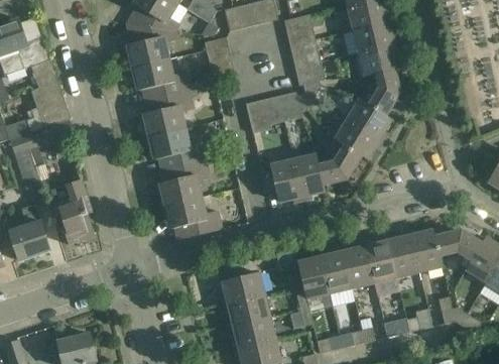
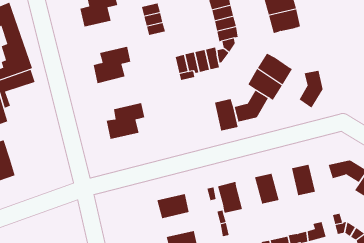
building: [132,59,202,99] -> none
building: [368,69,398,116] -> [299,70,323,108]
building: [148,128,204,168] -> none
building: [269,160,300,202] -> none
building: [48,179,92,244] -> none
building: [164,198,220,238] -> none
building: [409,231,440,270] -> none
building: [364,237,397,296] -> none
building: [320,252,351,291] -> none
building: [228,295,268,326] -> none

